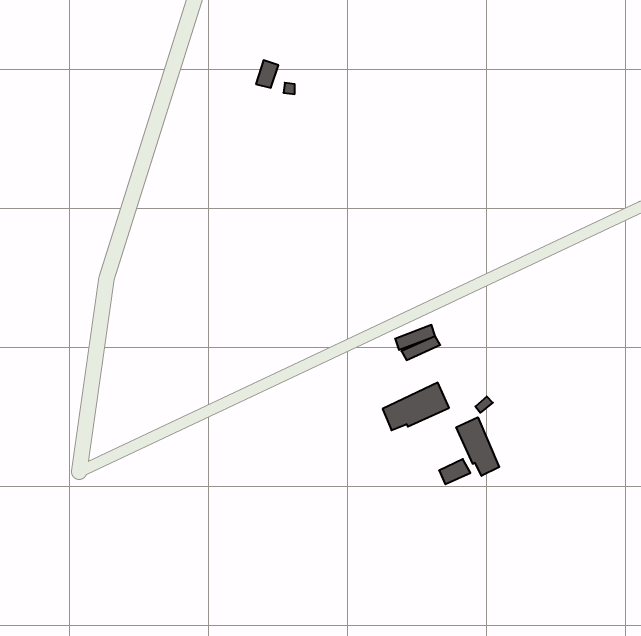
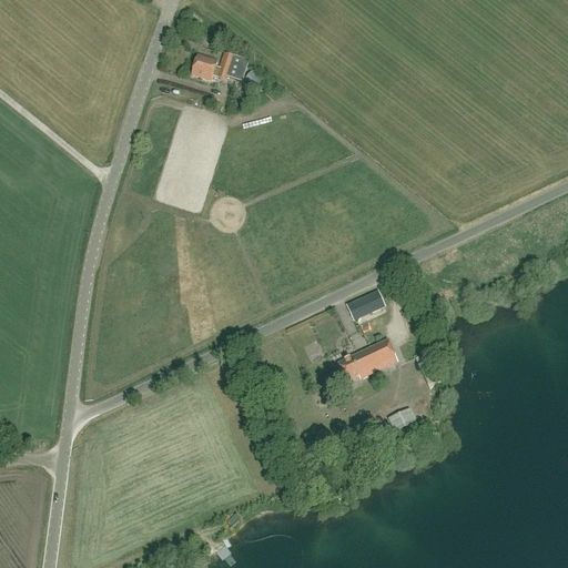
building: none -> [192,51,233,79]
building: [456,417,499,476] -> none

